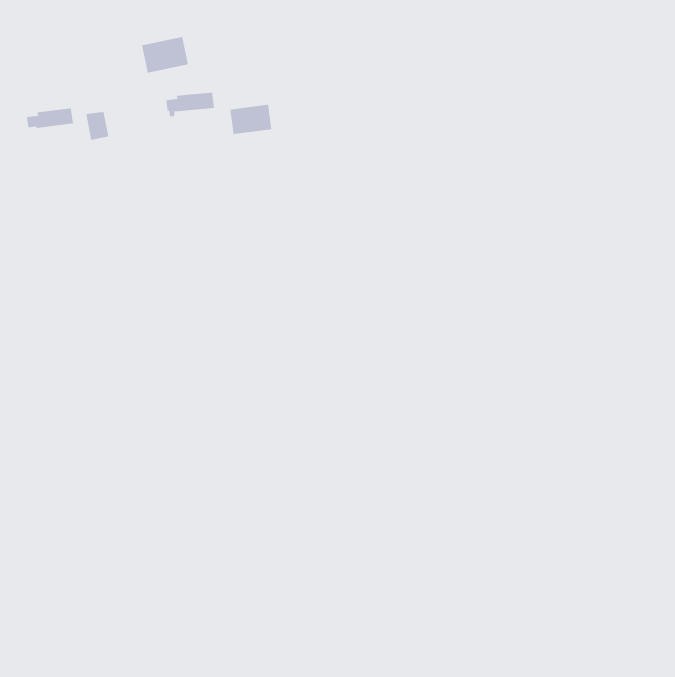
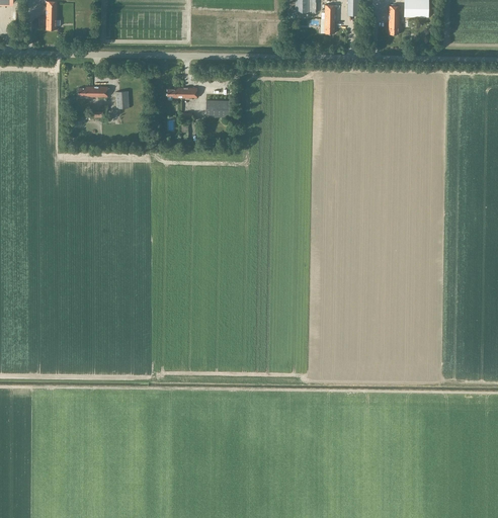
building: [141,36,189,74] -> none

